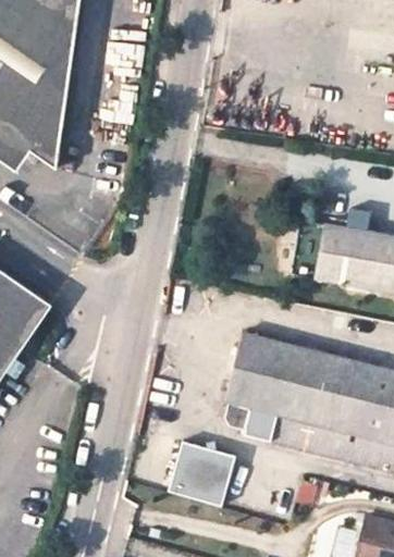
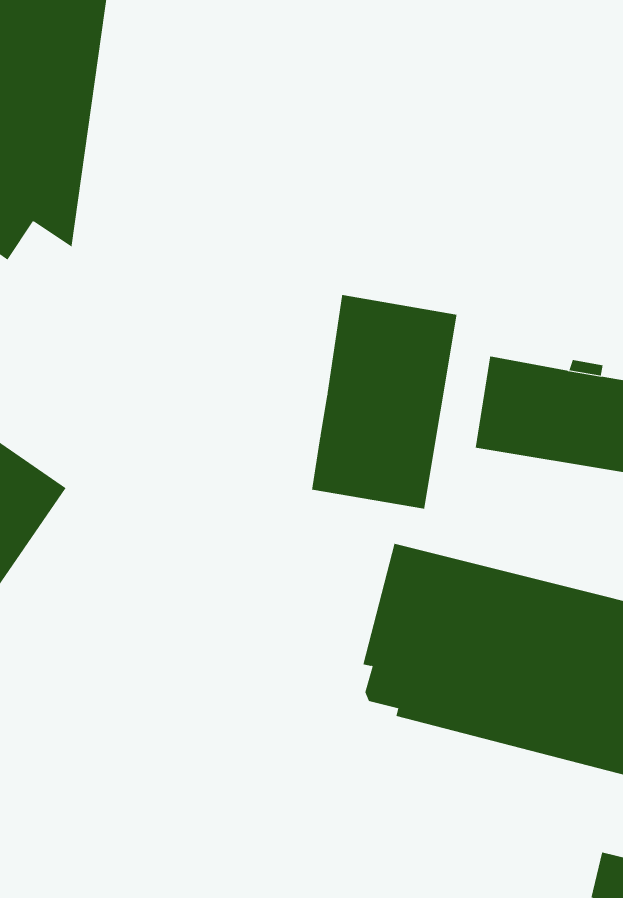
building: none -> [311,294,457,509]
building: [169,437,244,507] -> none

